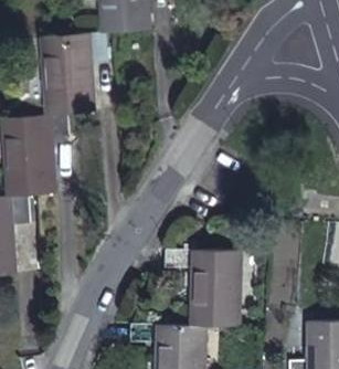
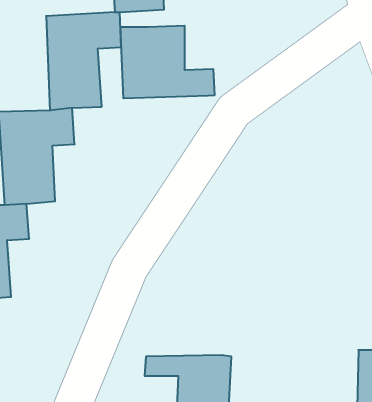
building: none -> [120,26,214,98]
building: [165,249,239,325] -> none

